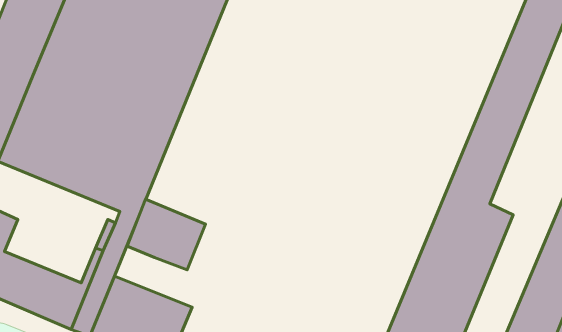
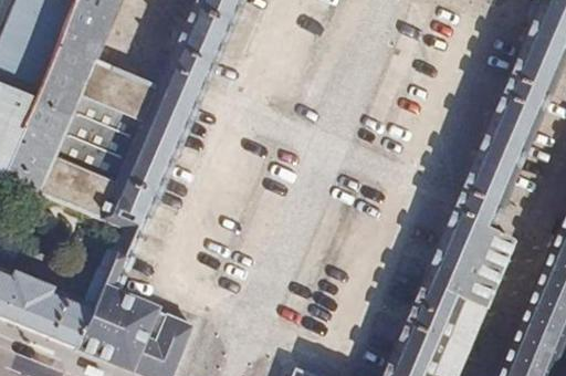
building: [127,199,206,270] -> none

